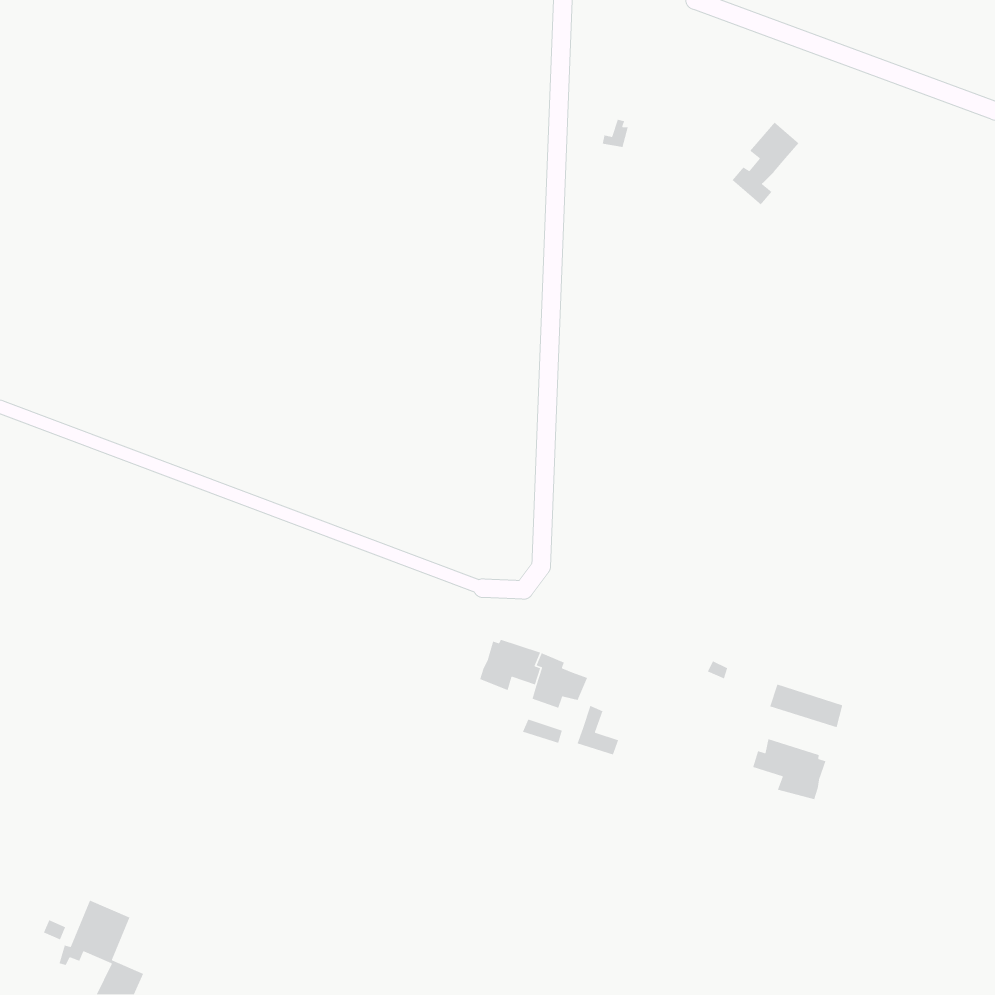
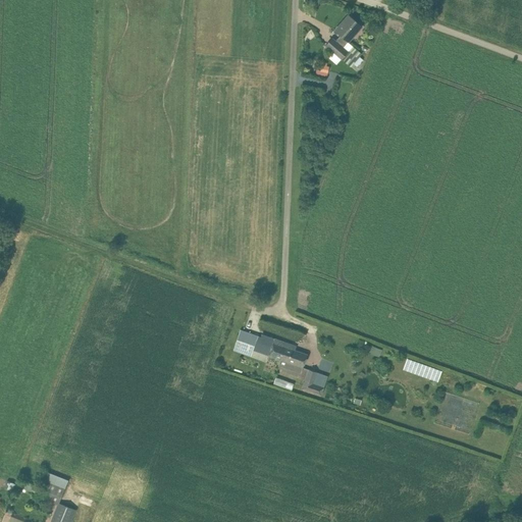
building: [732,122,800,205] -> [326,15,362,59]
building: none -> [233,329,258,356]
building: [752,738,826,800] -> none

